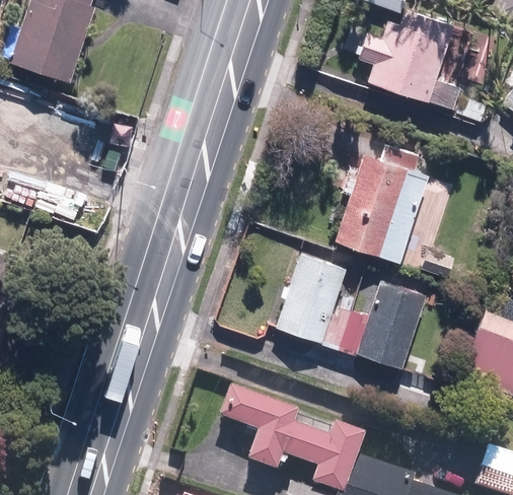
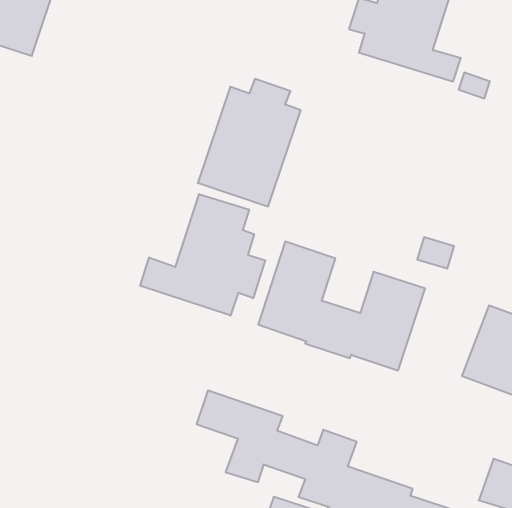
building: [335,145,428,261] -> [198,79,301,206]
building: none -> [140,194,265,316]

